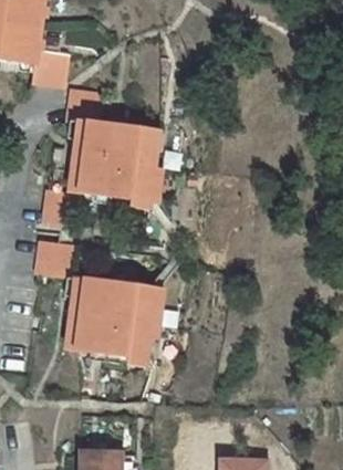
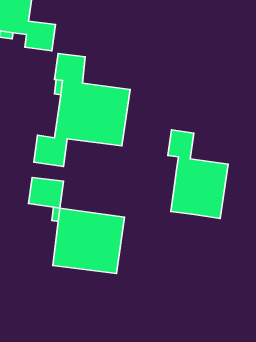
building: none -> [168,130,228,218]

